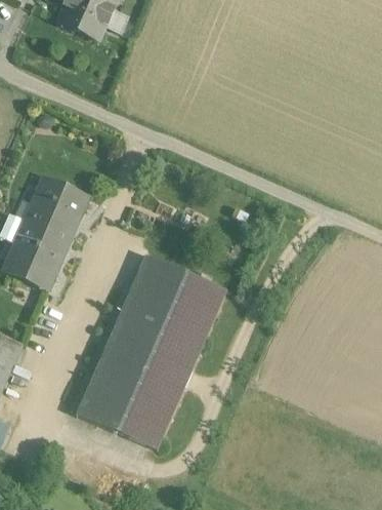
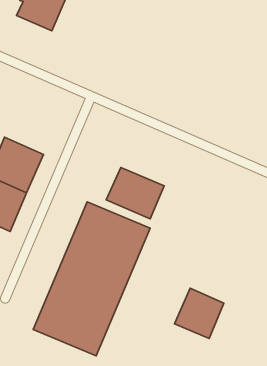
building: none -> [106,168,164,219]
building: none -> [175,288,224,338]

